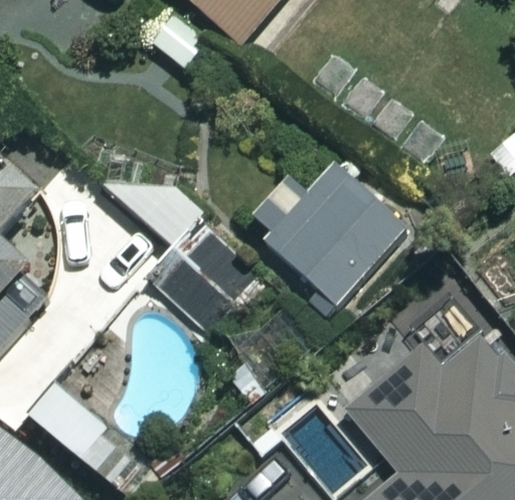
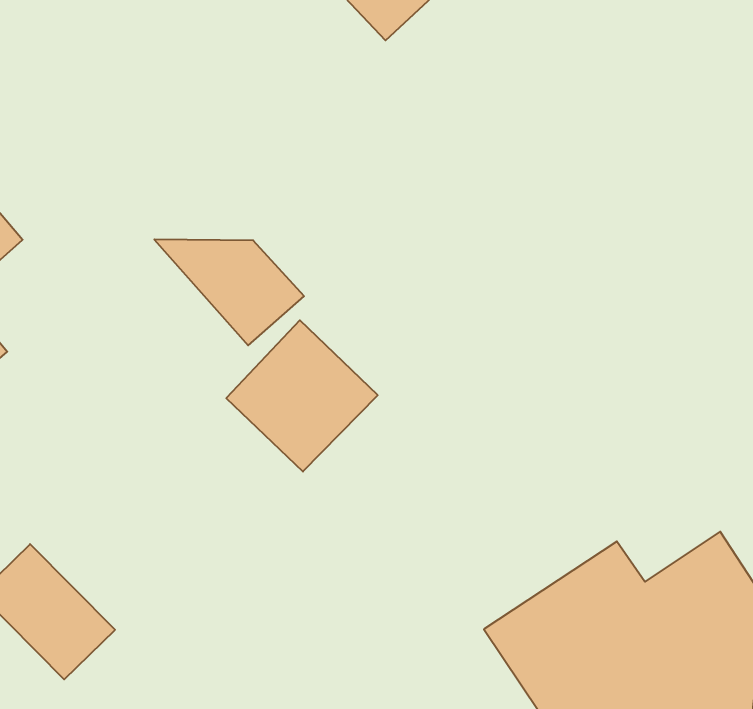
building: [259,163,414,297] -> none

